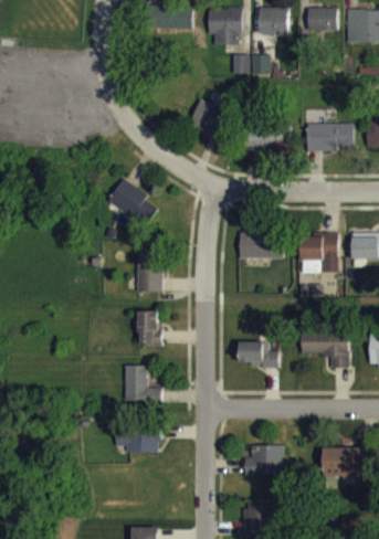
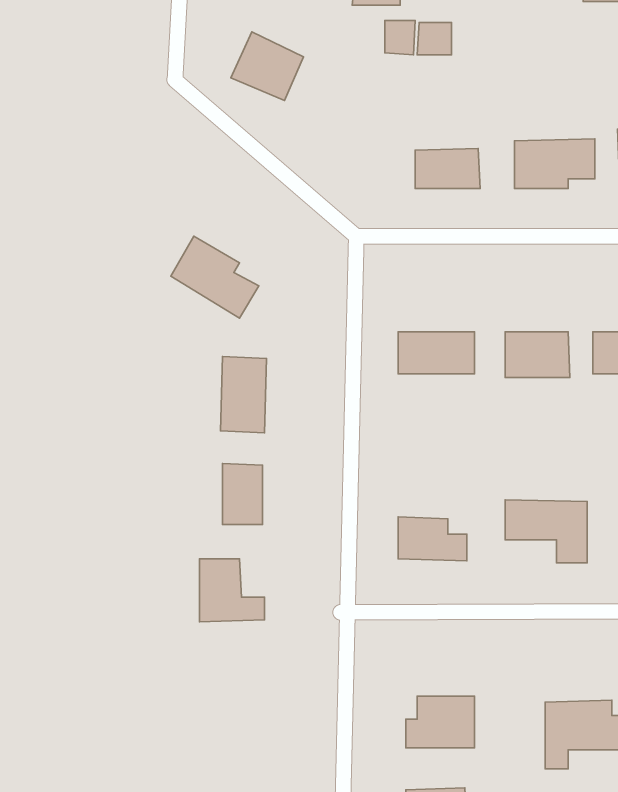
building: [188,99,230,139] -> [231,32,303,101]
building: [116,427,159,453] -> none

